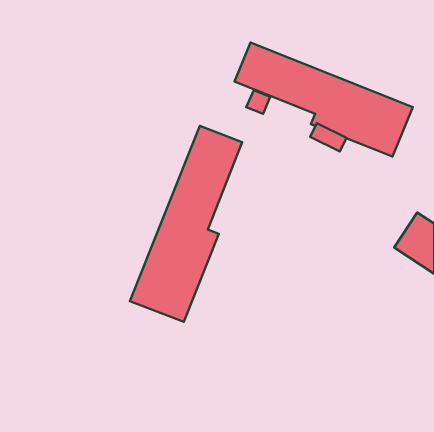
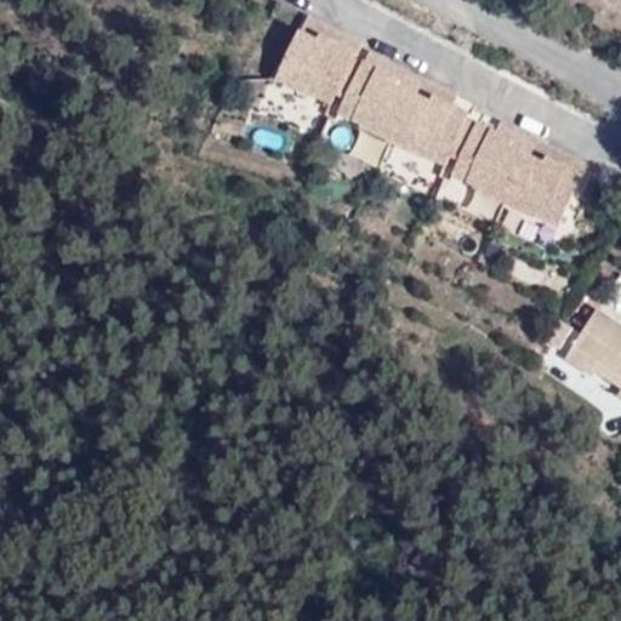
building: none -> [277,19,358,104]
building: [130,126,242,322] -> none

